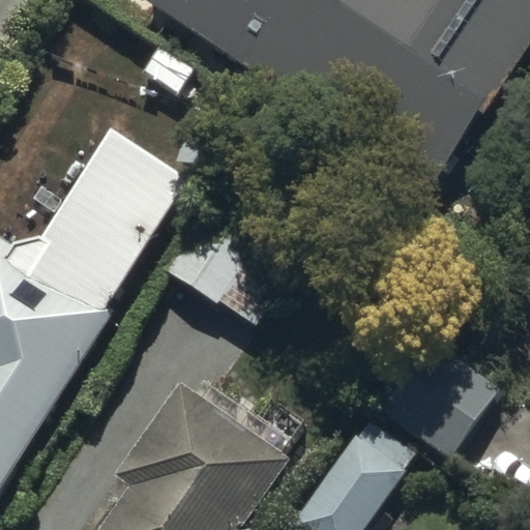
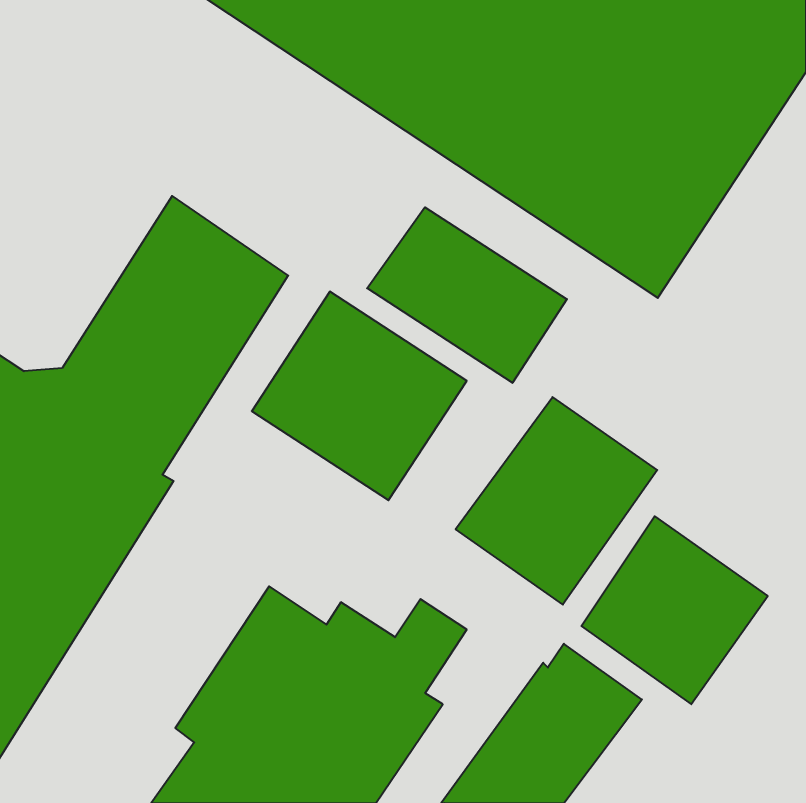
building: none -> [367,207,567,383]
building: none -> [456,397,657,605]

